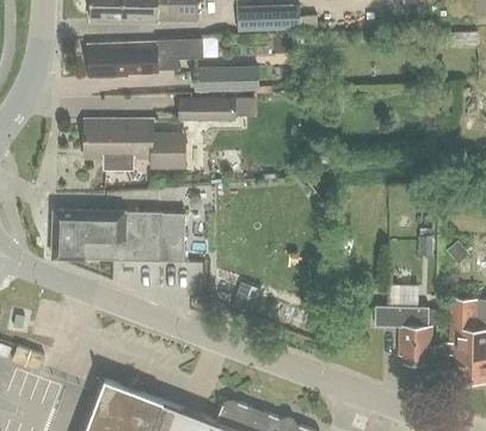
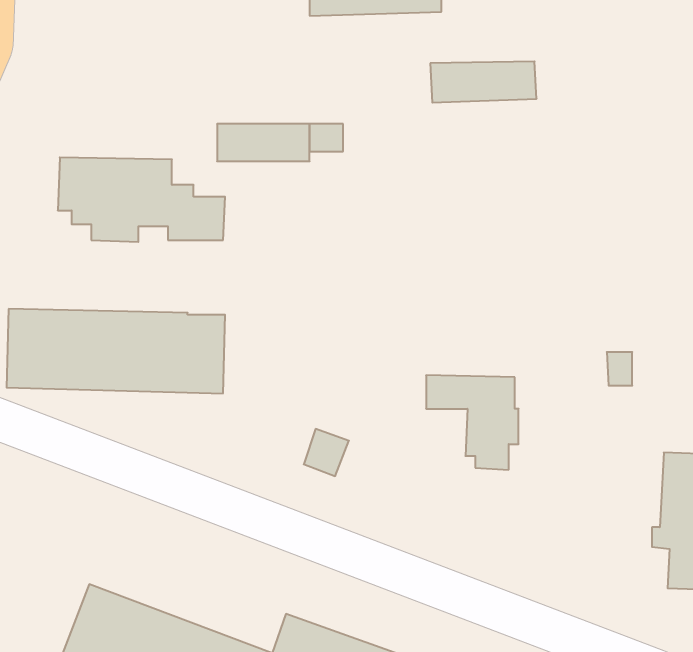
building: [88,39,202,78] -> none
building: [195,67,259,92] -> [430,61,537,103]
building: [375,306,431,363] -> [426,375,519,470]

